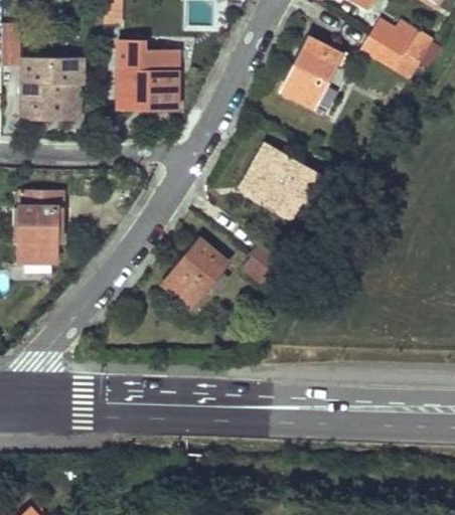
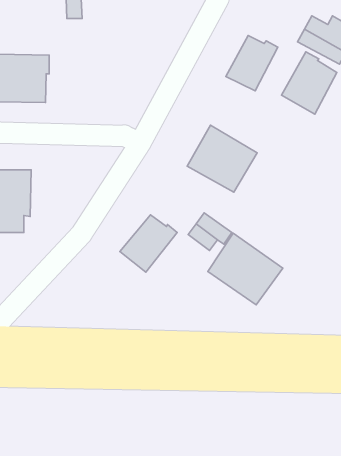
building: [120,41,183,106] -> none
building: none -> [281,52,337,114]
building: none -> [208,233,283,305]

